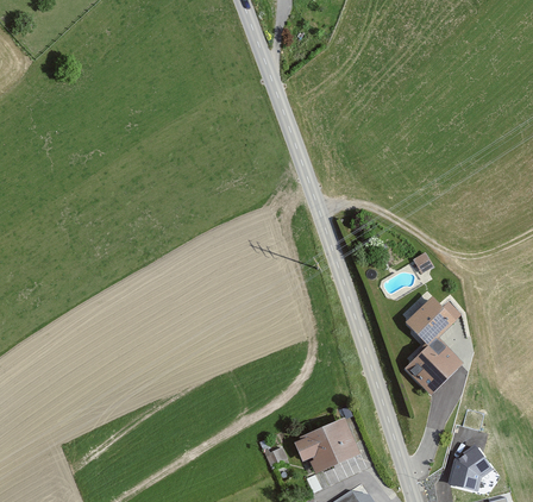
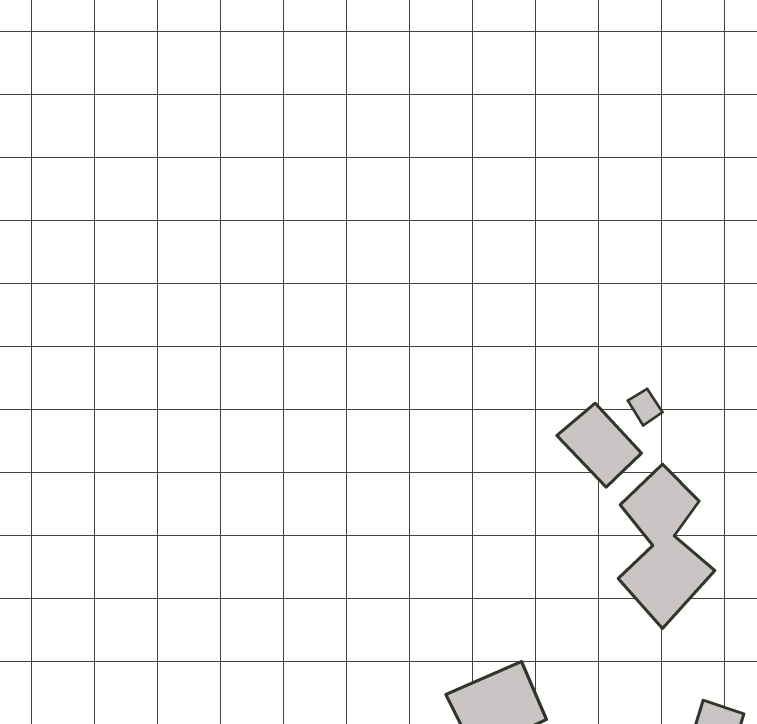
building: none -> [557,403,642,487]

